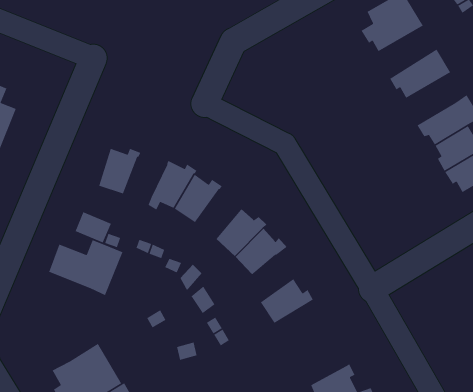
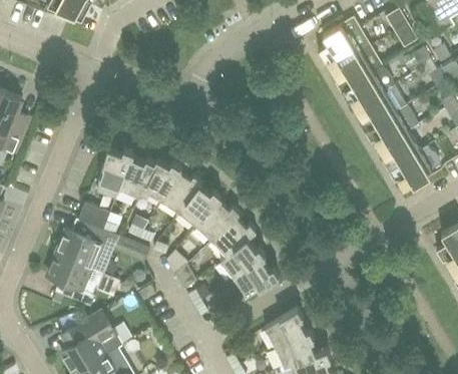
building: none -> [333,46,382,90]
building: none -> [356,85,407,129]
building: none -> [119,156,155,197]
building: none -> [179,183,221,225]
building: none -> [220,239,266,278]
building: none -> [46,253,96,306]
building: none -> [265,308,306,347]

